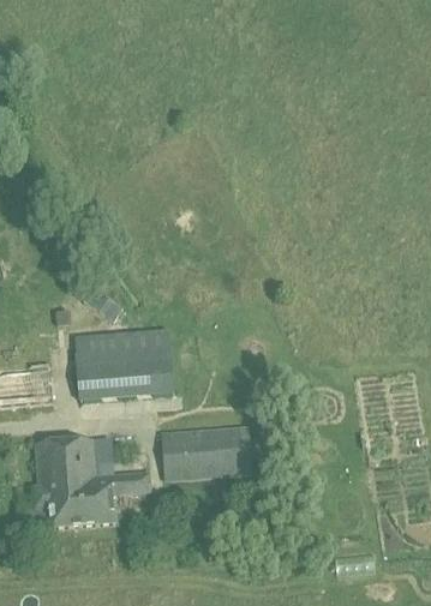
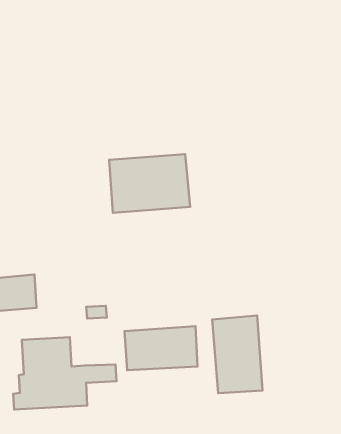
building: [76,328,175,400] -> [109,154,190,213]
building: none -> [212,316,262,393]

